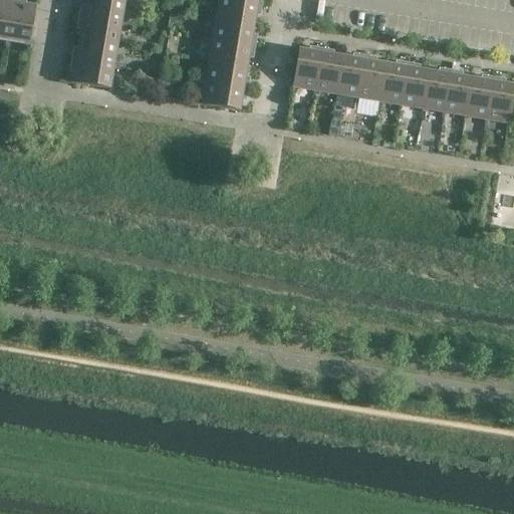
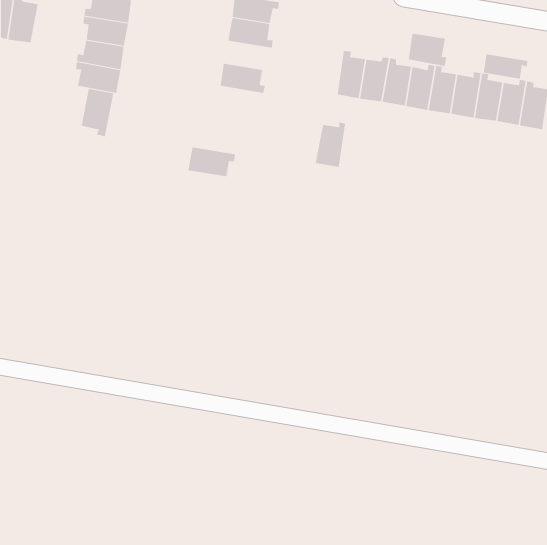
building: none -> [408,33,447,67]
building: [210,38,256,65] -> none
building: [293,45,322,88] -> [315,121,346,168]
building: none -> [483,54,528,79]
building: [203,80,248,108] -> [188,147,236,177]
building: none -> [81,88,114,137]

